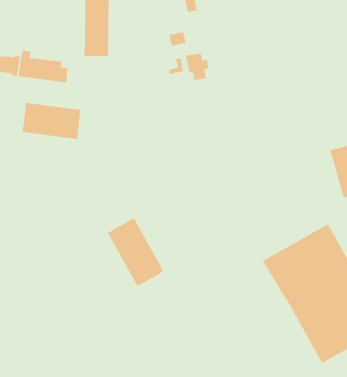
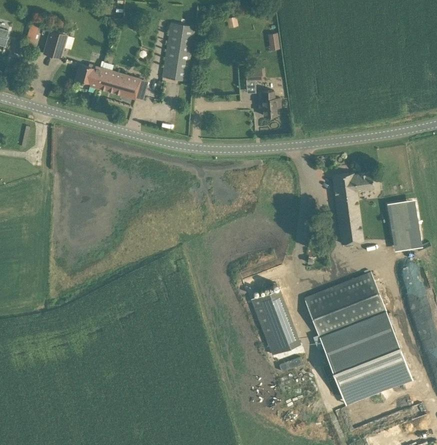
building: [22,102,81,140] -> none
building: none -> [332,173,373,245]
building: [107,217,164,287] -> [251,289,300,356]

